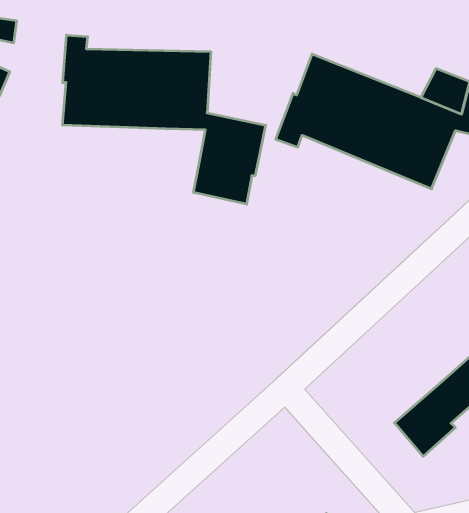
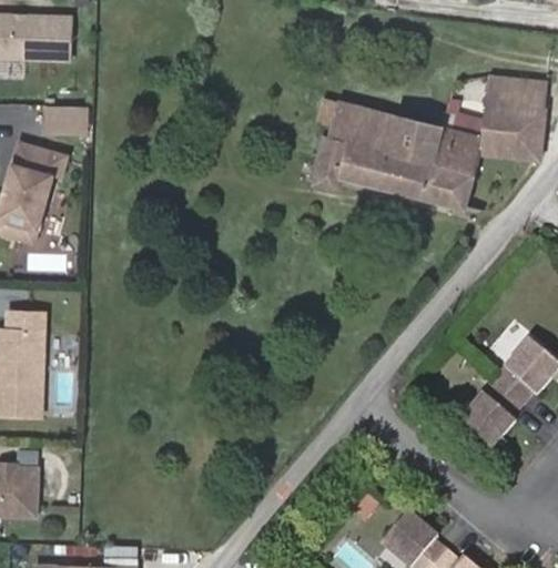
building: [62,35,266,204] -> none

